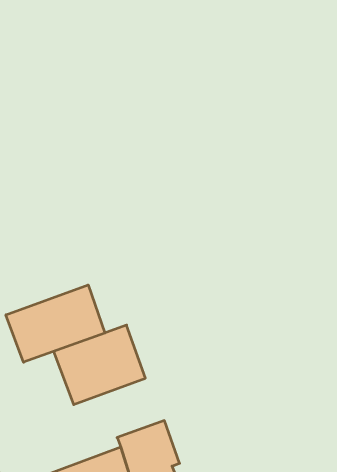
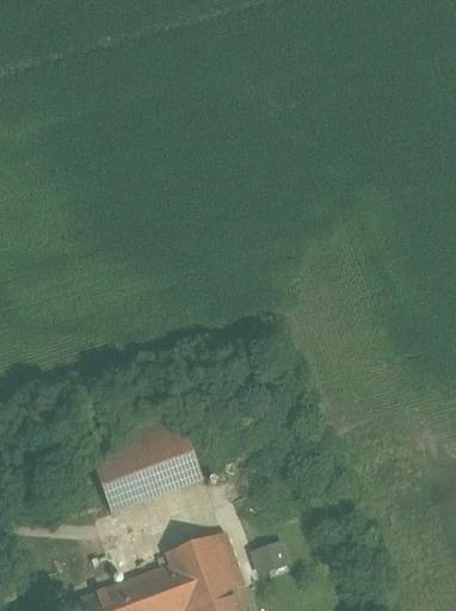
building: [6,285,105,362] -> none
building: none -> [248,541,291,578]

